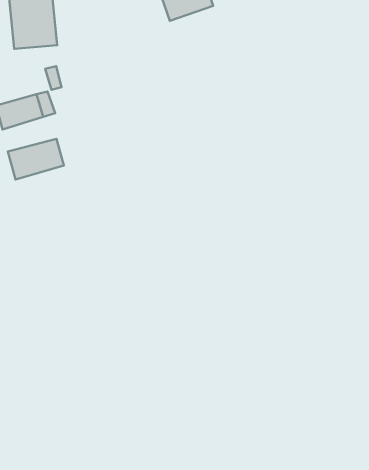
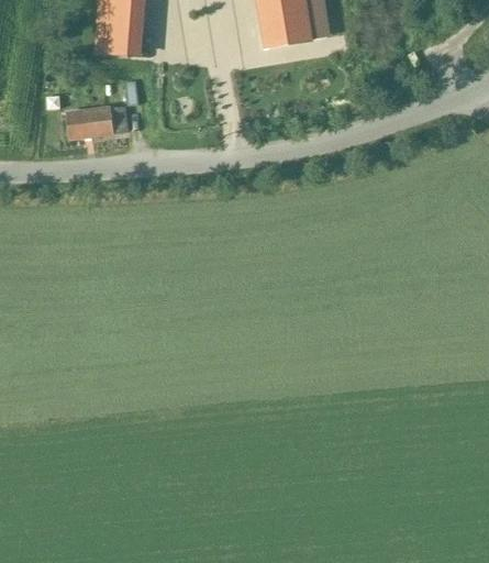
building: [8,139,64,179] -> none

